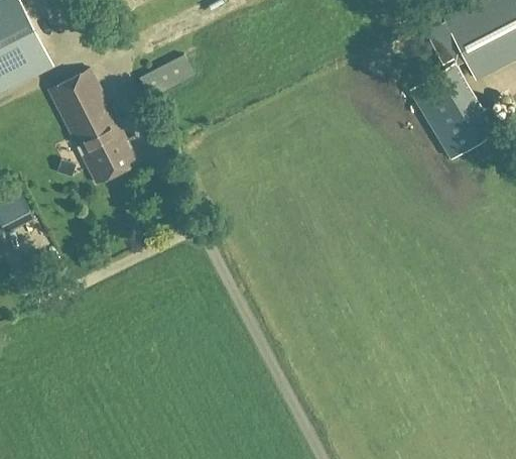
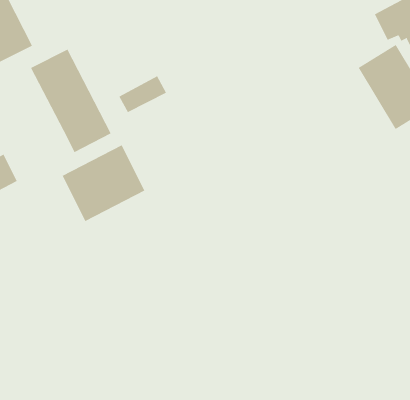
building: [140,56,194,98] -> [118,75,167,113]
building: none -> [62,144,145,222]

